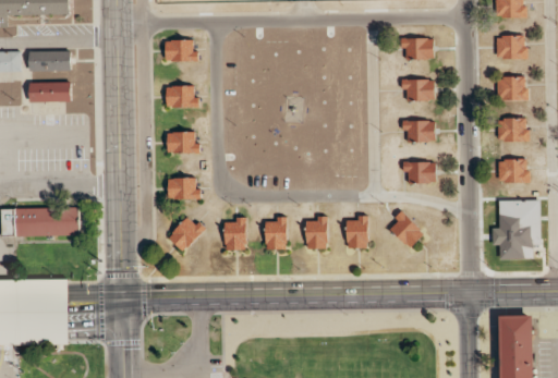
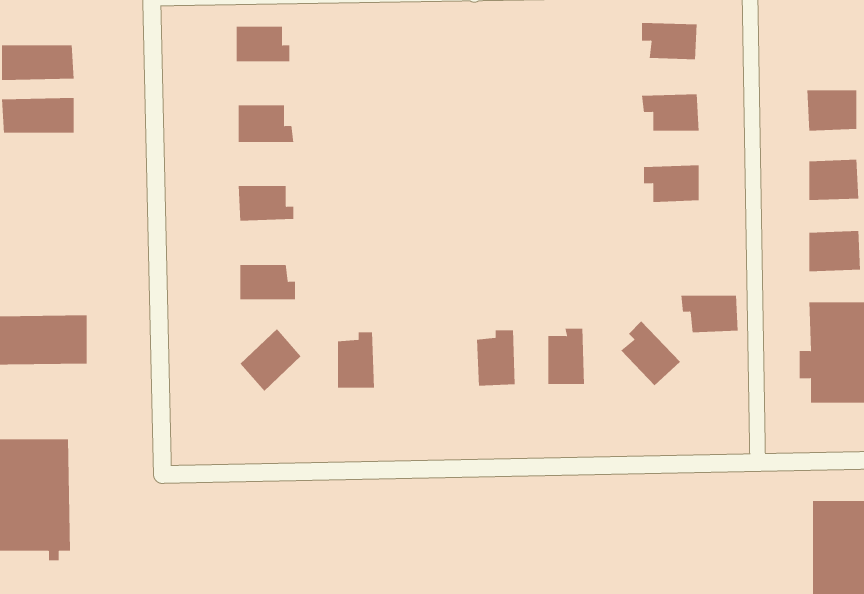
building: [496,36,525,59] -> none
building: [402,162,436,184] -> [680,295,739,333]
building: [265,217,287,251] -> none

